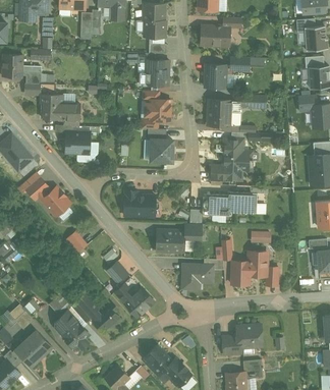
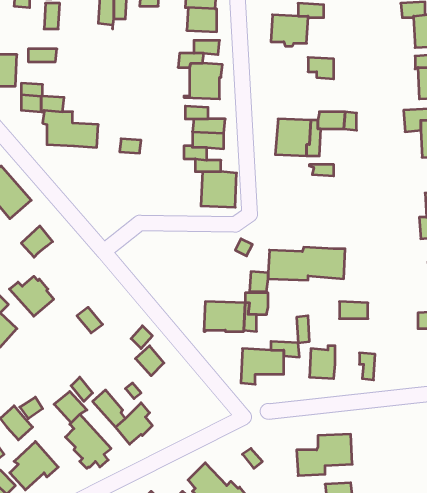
building: [204,64,225,88] -> none
building: [64,131,89,154] -> none
building: [209,138,252,180] -> none
building: [37,186,68,215] -> [9,276,54,316]
building: [123,190,158,216] -> none
building: [249,252,267,276] -> none
building: [114,286,153,317] -> none

